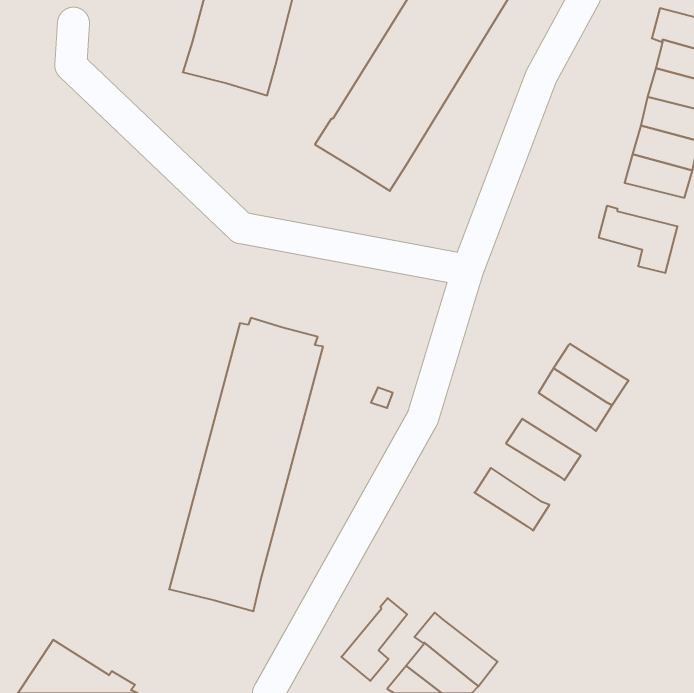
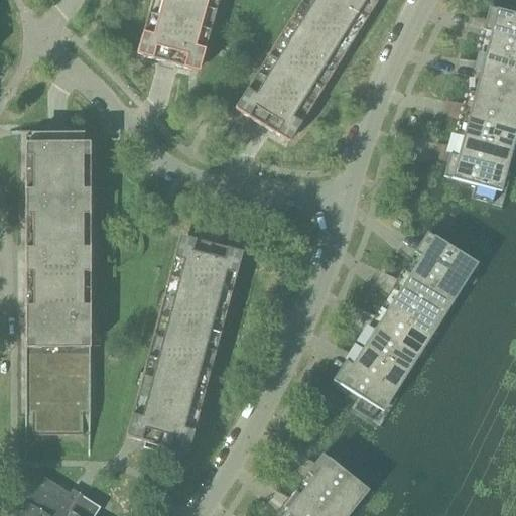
building: none -> [26,134,91,455]
building: none -> [459,135,508,167]
building: none -> [416,231,479,281]
building: none -> [388,290,442,337]
building: none -> [365,328,419,373]
building: none -> [335,359,396,418]
building: [341,598,407,681] -> none

